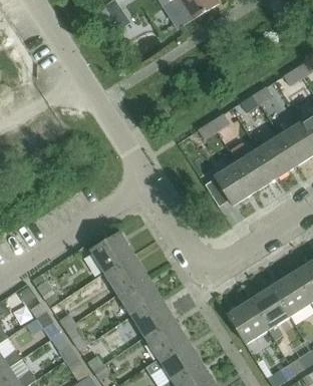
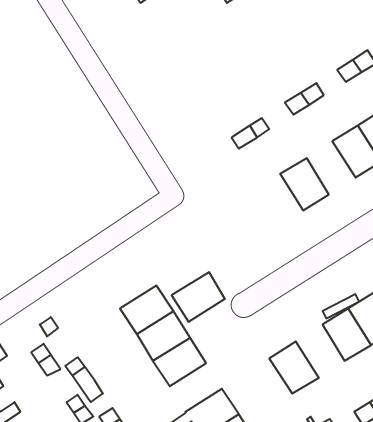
building: [257,135,297,179] -> none
building: [213,162,254,207] -> none
building: [88,233,132,274] -> [172,272,225,322]
building: [248,287,288,341] -> none
building: [143,319,187,359] -> none

